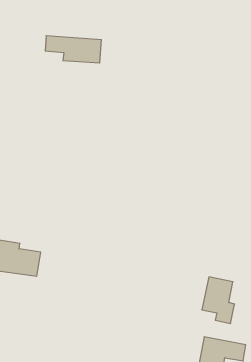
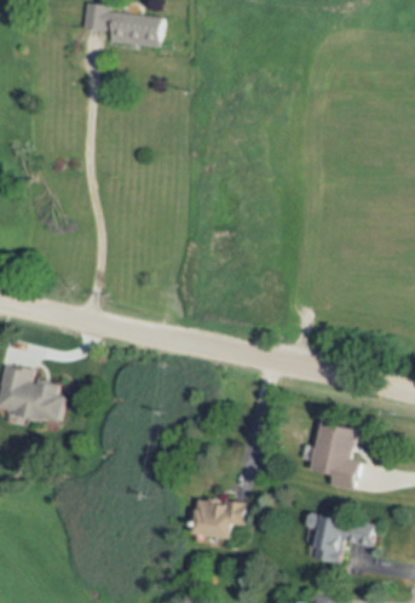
building: [45,36,101,63] -> [81,7,166,48]
building: none -> [195,499,246,539]

